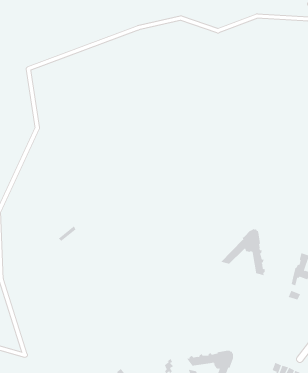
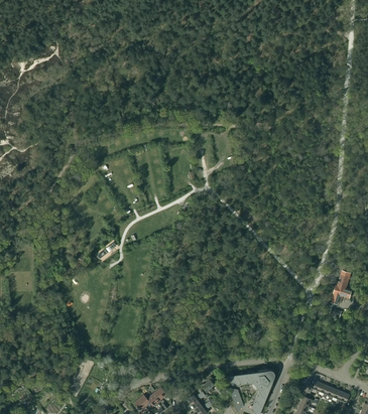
building: [220,228,266,276] -> none

